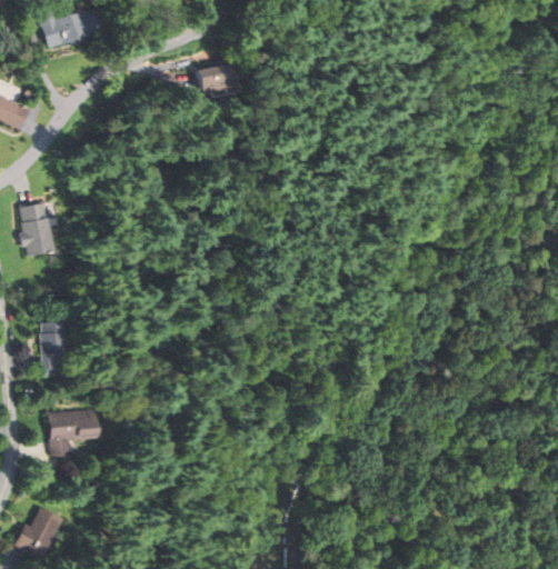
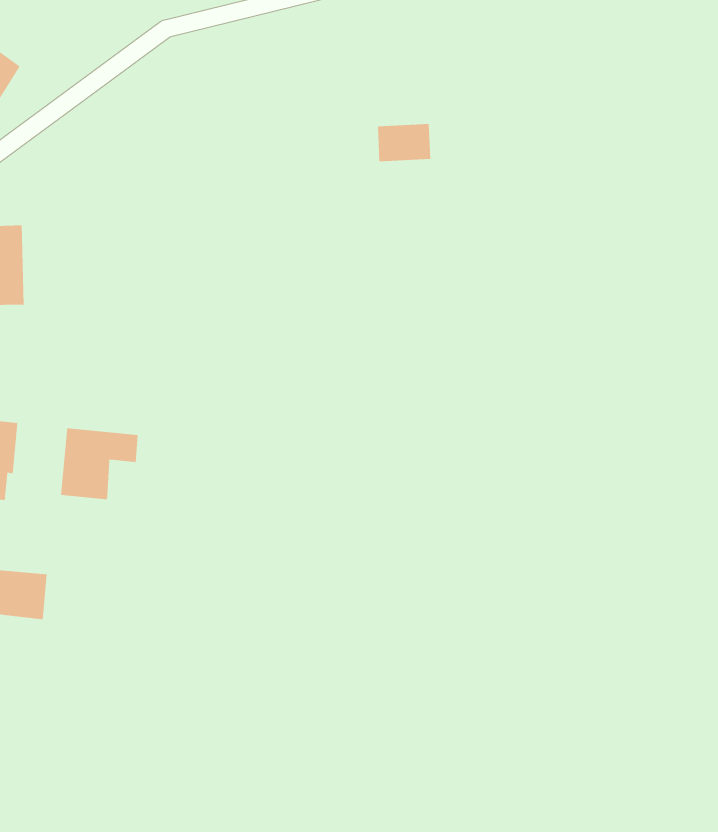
building: [198,64,233,92] -> [377,124,431,162]
building: none -> [60,427,138,500]

